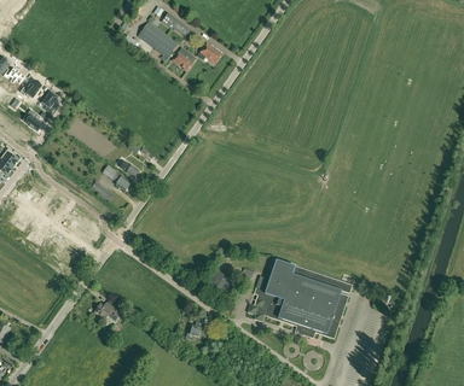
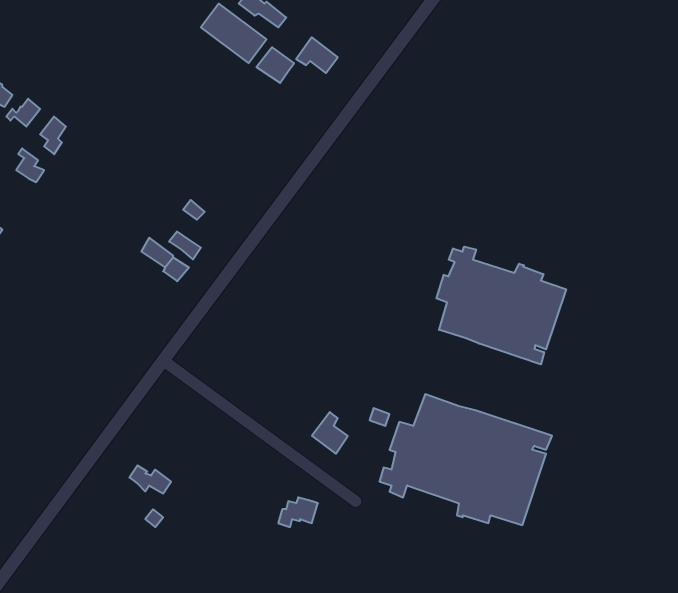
building: none -> [436,247,566,364]

